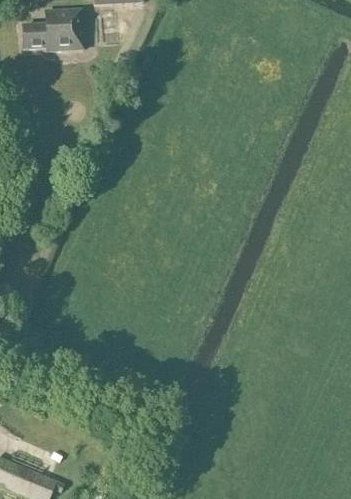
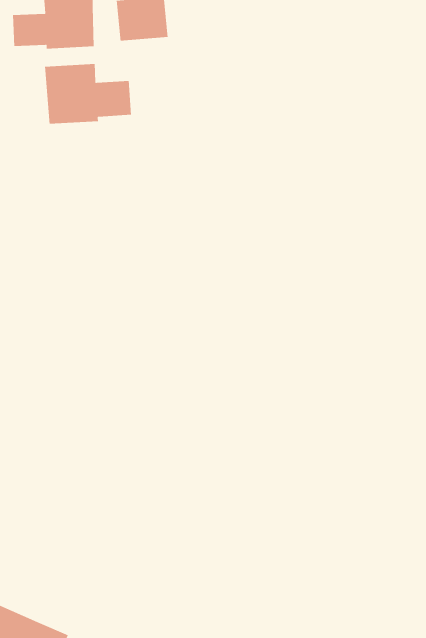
building: none -> [44,63,132,124]

